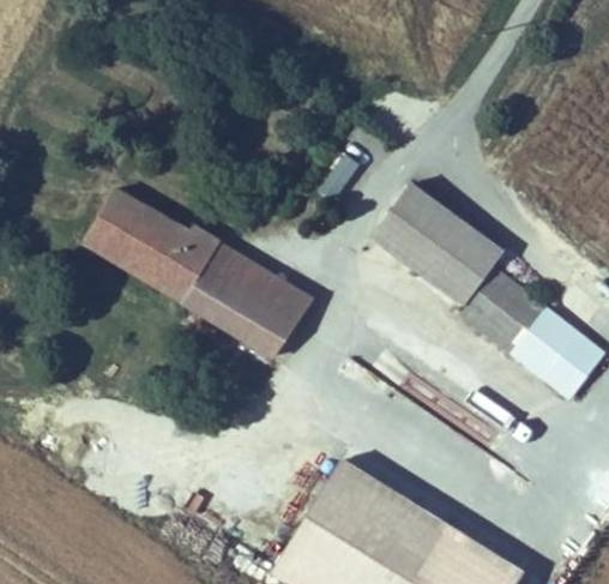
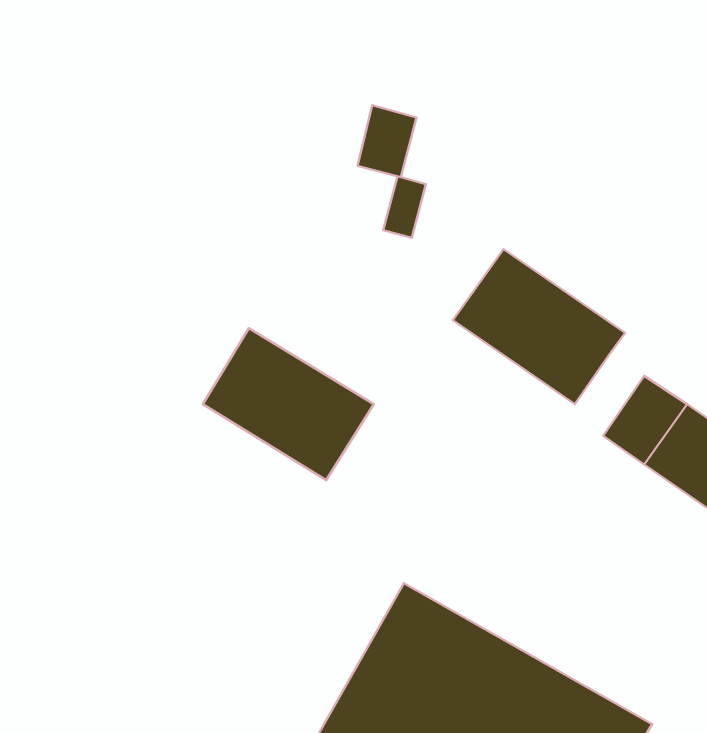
building: none -> [357,105,417,177]
building: [86,197,222,311] -> none
building: [465,271,521,335] -> none

